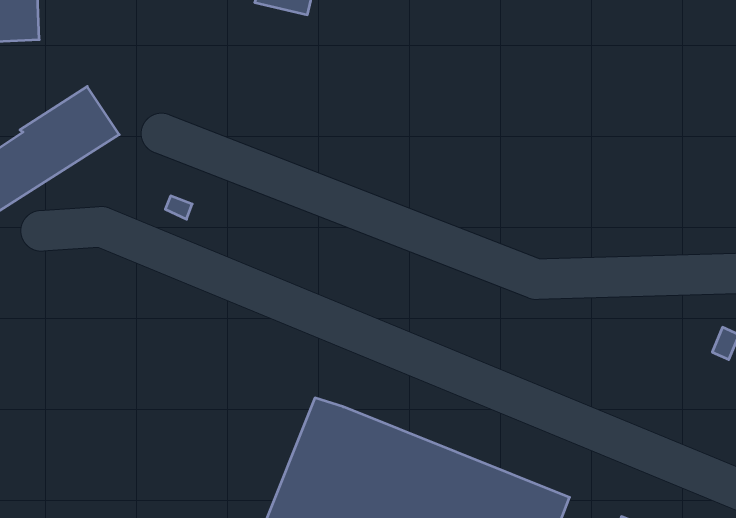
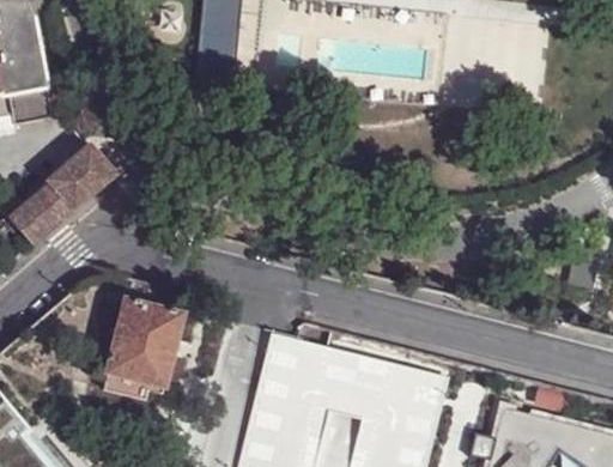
building: none -> [98,295,180,398]

